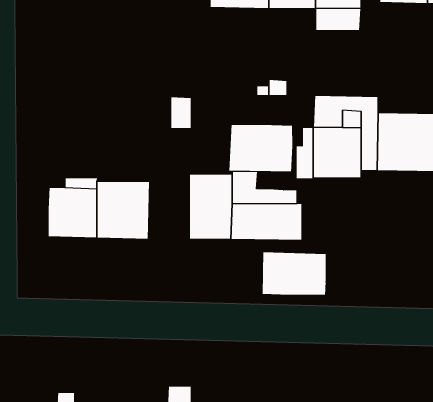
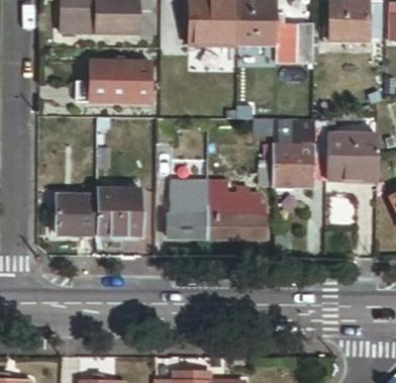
building: none -> [90,61,151,101]
building: [229,124,293,172] -> none
building: [262,251,326,296] -> none

